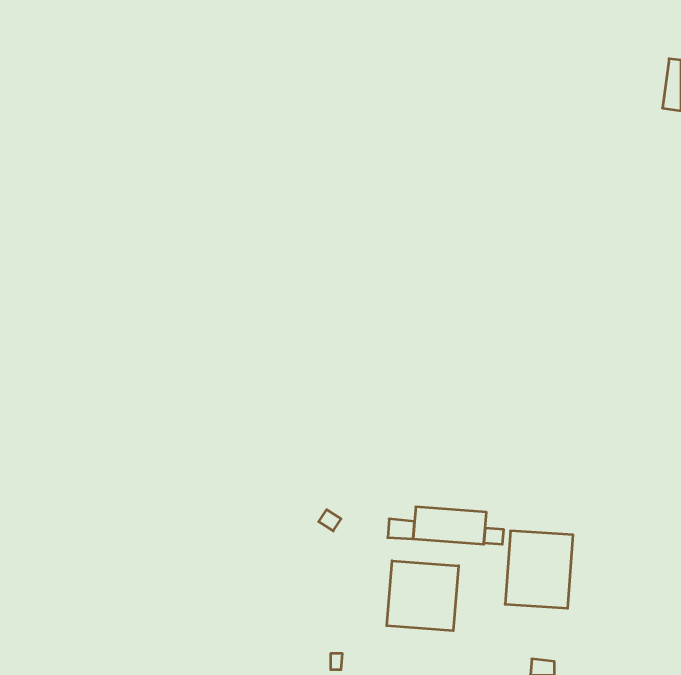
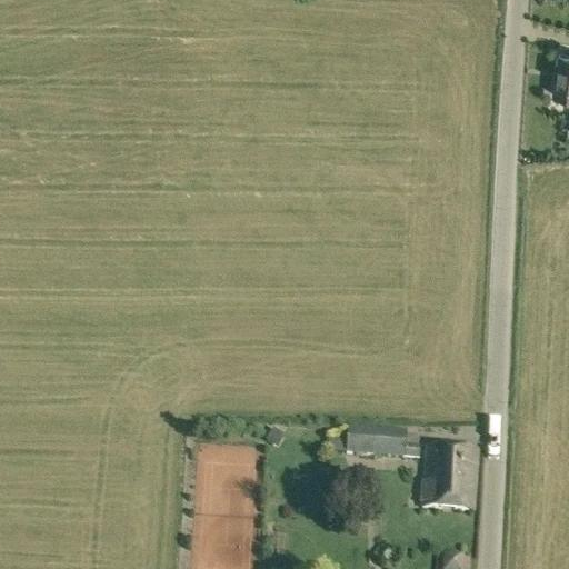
building: [387,561,459,631] -> none

